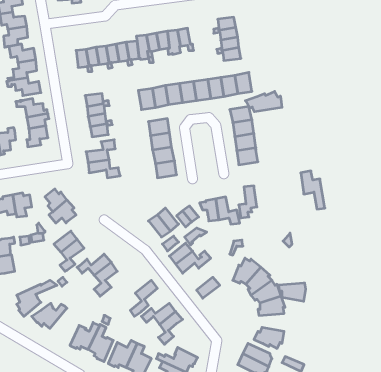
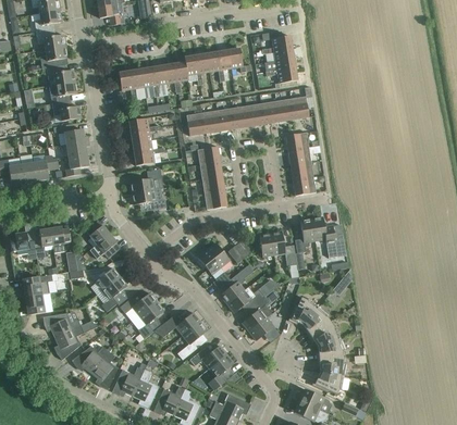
building: [245,91,282,112] -> none
building: [301,171,325,209] -> [311,216,337,258]
building: none -> [242,297,271,332]
building: none -> [155,312,200,337]
building: none -> [42,313,81,337]
building: [279,283,306,301] -> [317,357,346,376]
building: none -> [90,351,118,389]

